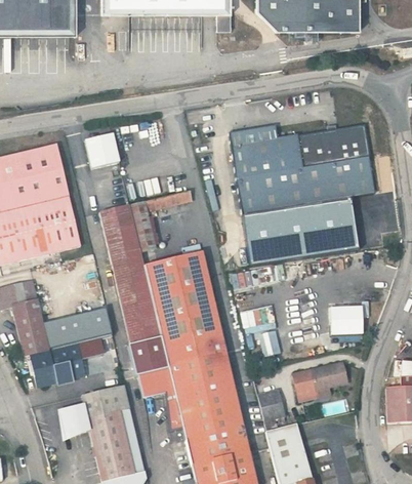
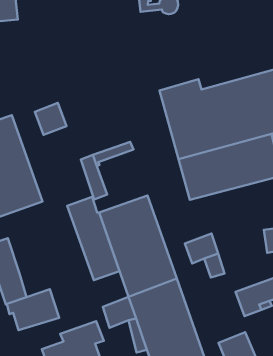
building: [99,205,138,254] -> none
building: [46,312,116,354] -> none
building: [130,335,168,374] -> none
building: [260,389,285,422] -> none

